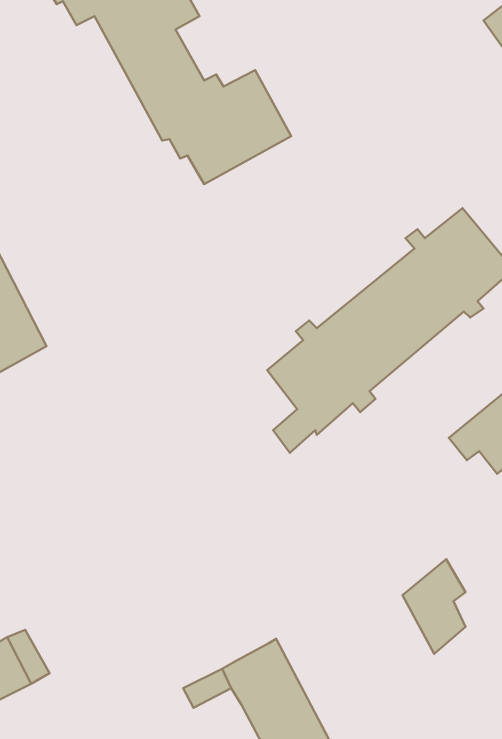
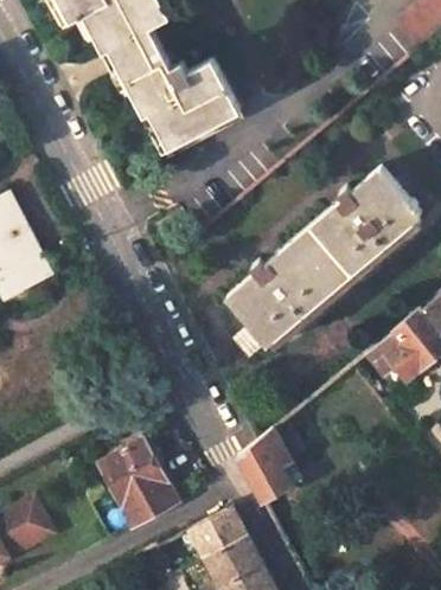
building: none -> [98,442,177,528]
building: [403,559,466,654] -> [236,427,286,501]

